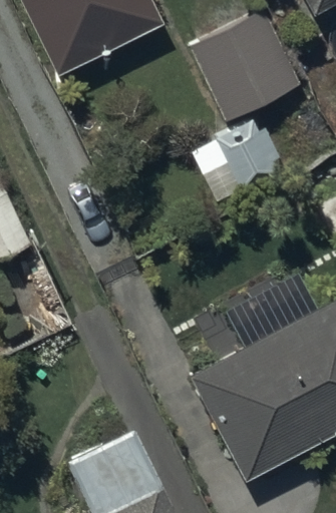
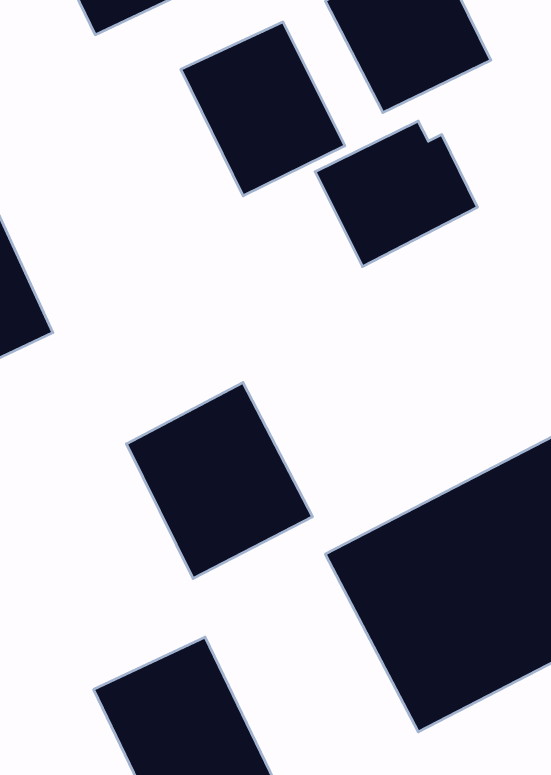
building: none -> [181,22,345,196]
building: none -> [126,382,312,579]

